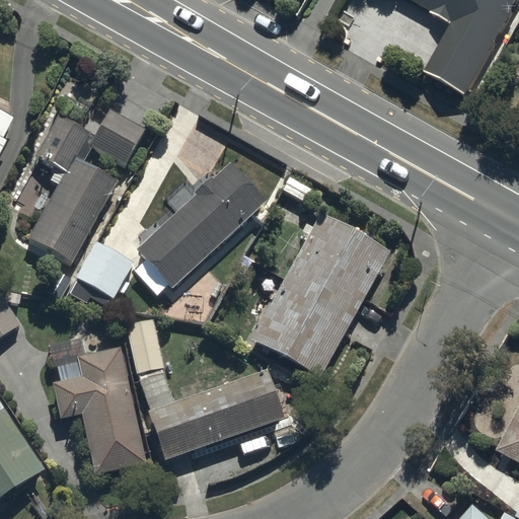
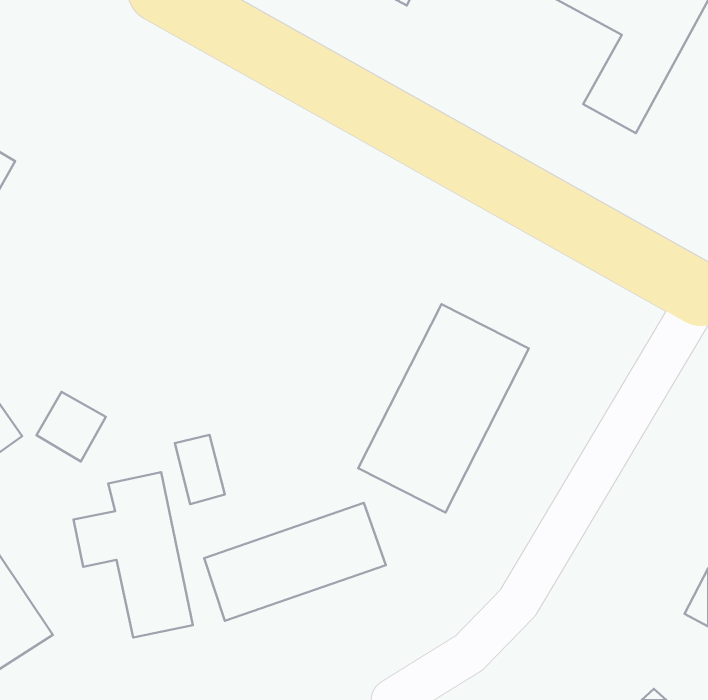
building: [27,114,142,263] -> none
building: [138,169,266,288] -> none
building: [80,243,131,294] -> [37,392,106,461]

